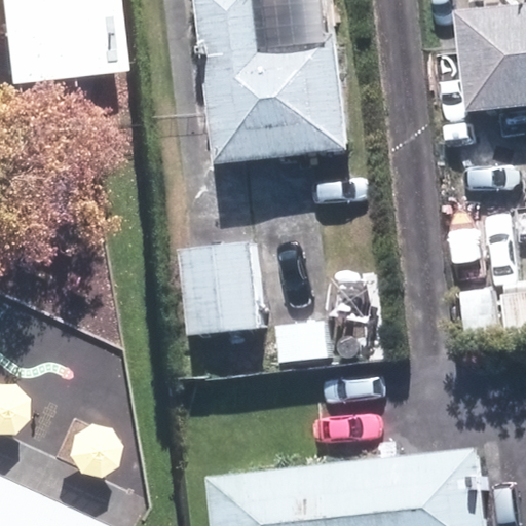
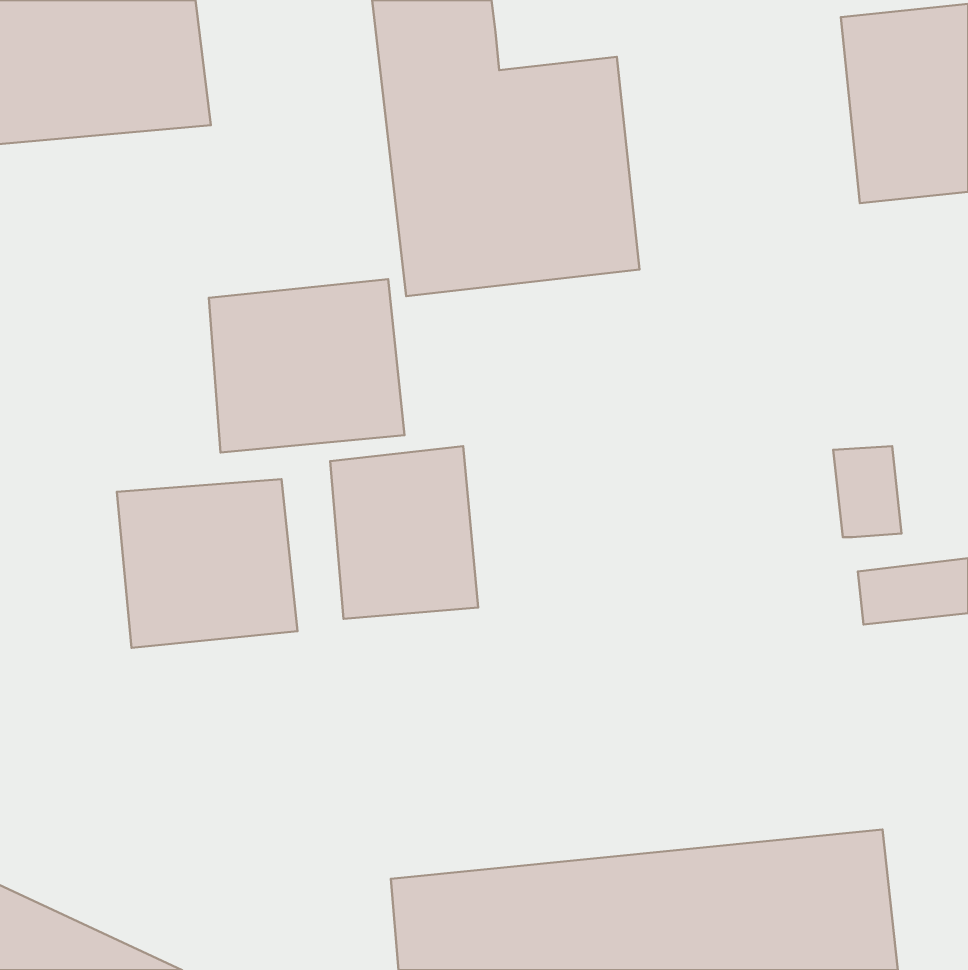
building: none -> [209,279,404,452]
building: none -> [117,479,298,648]

